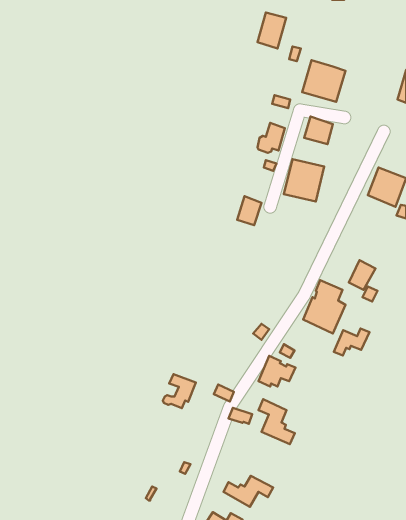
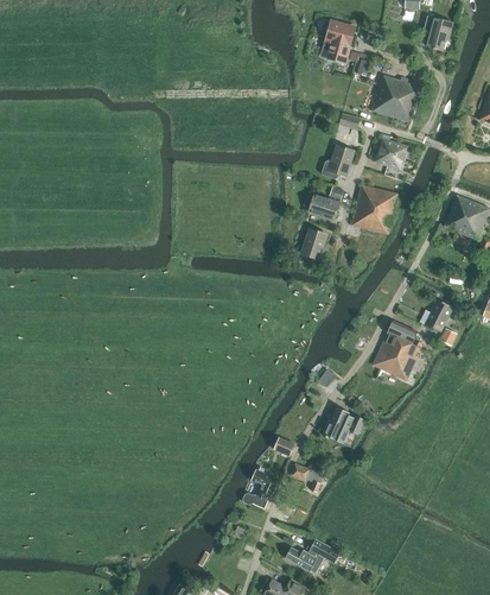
building: none -> [419,15,452,50]
building: none -> [307,194,339,220]
building: [334,328,369,356] -> none
building: [163,374,196,408] -> [242,469,279,507]
building: [258,399,295,444] -> none

